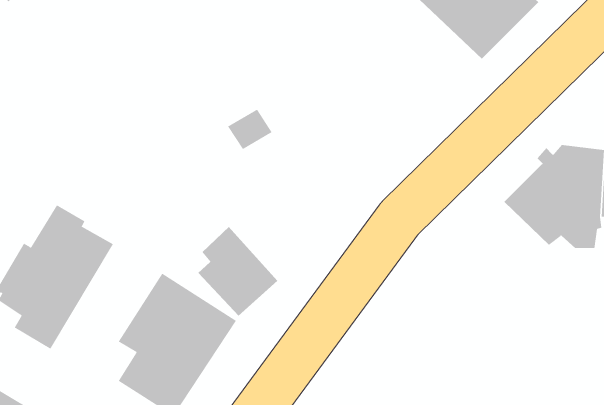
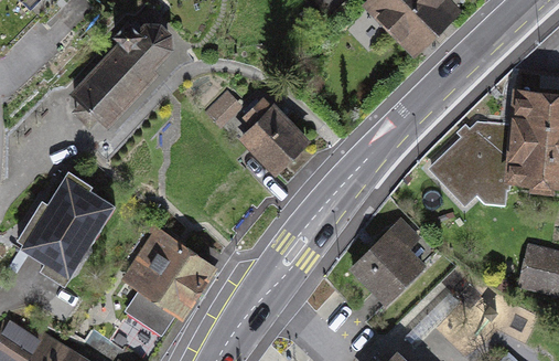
building: none -> [71,21,172,131]
building: [197,226,278,316] -> [240,104,305,177]
building: none -> [352,215,439,306]

